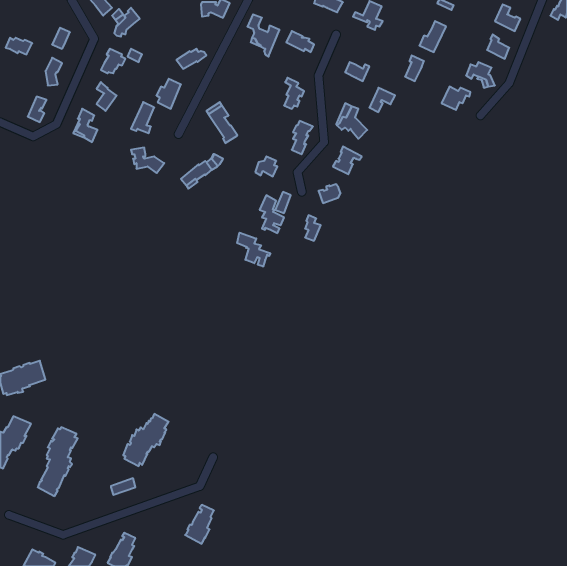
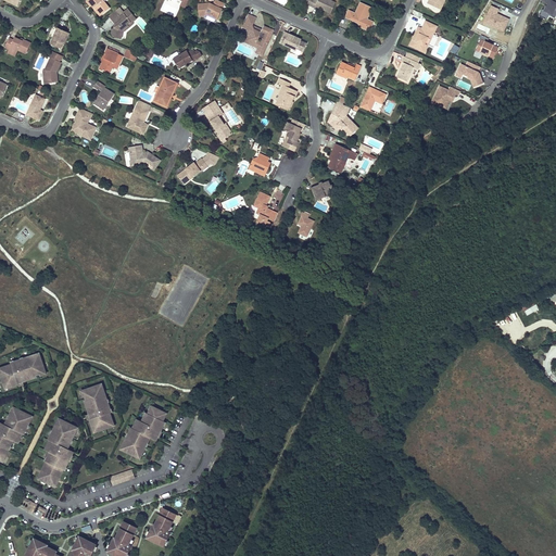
building: [237,233,270,267] -> none
building: none -> [80,383,112,430]
building: [185,505,214,544] -> [144,508,173,546]

